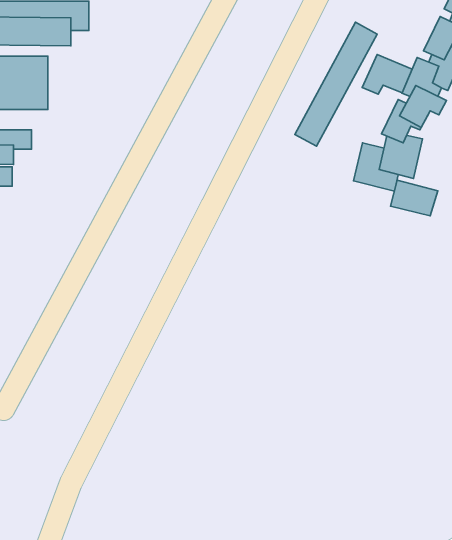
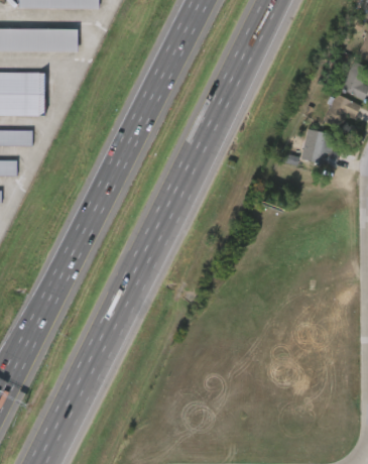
building: [295,22,377,146] -> none
building: [362,55,412,94] -> none
building: [391,180,438,216] -> none

